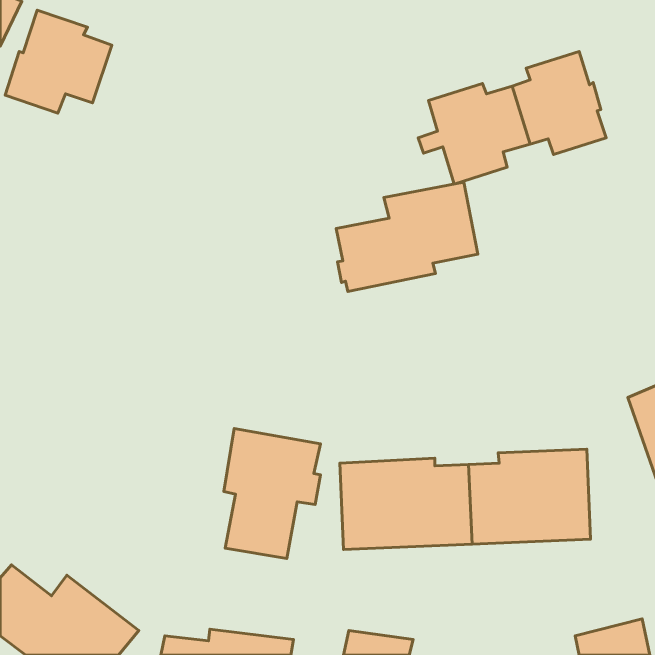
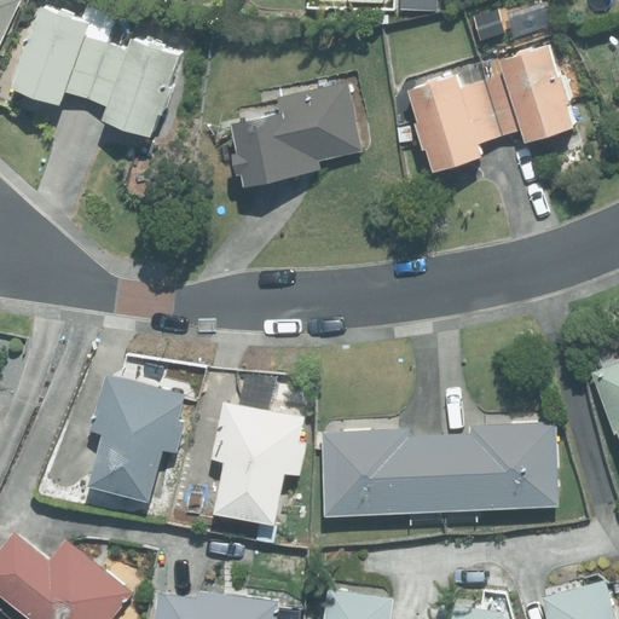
building: none -> [89,39,174,140]
building: [336,182,478,292] -> [228,83,361,186]
building: none -> [87,375,183,504]

